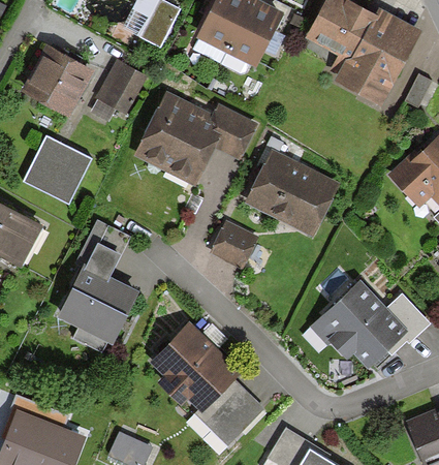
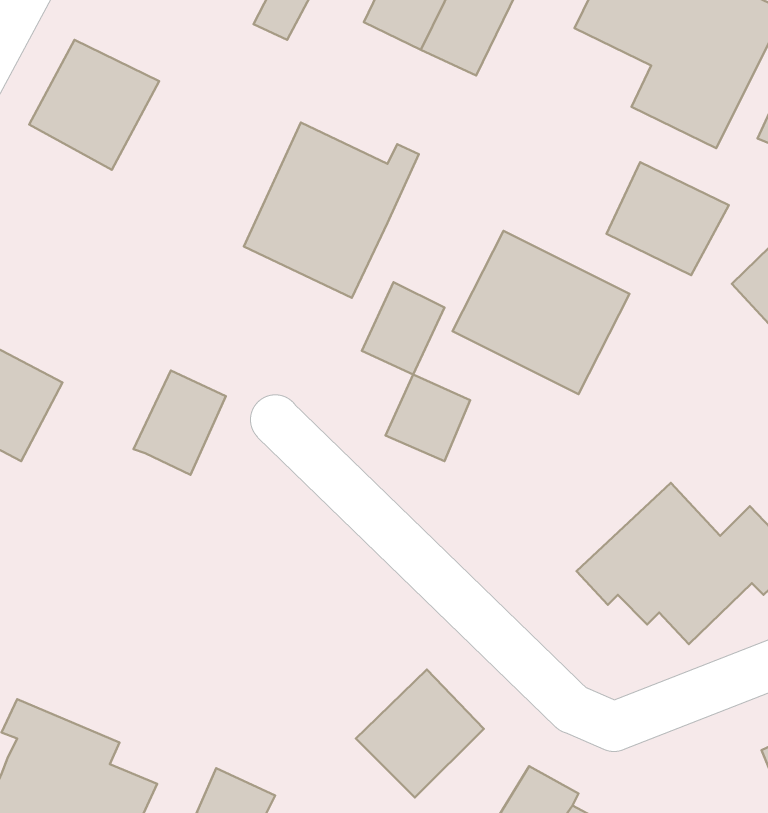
building: [97,59,143,112] -> none
building: [211,107,254,156] -> [362,282,445,374]
building: none -> [606,162,729,275]
building: [23,138,88,204] -> none
building: [58,265,136,344] -> none
building: [151,324,238,409] -> none

